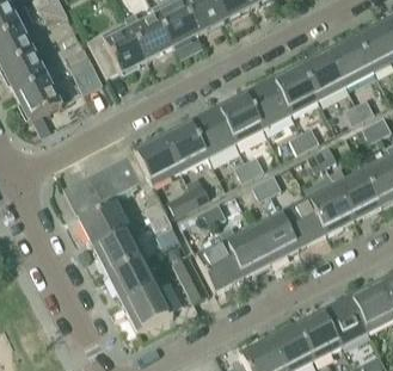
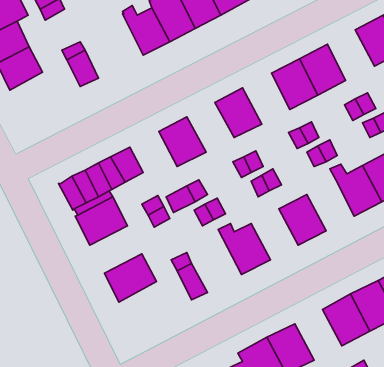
building: [86,20,145,76] -> none
building: [326,36,373,86] -> none
building: [13,78,60,122] -> none
building: [242,79,289,129] -> none
building: [188,107,234,156] -> none
building: [131,136,178,186] -> none
building: [306,184,352,234] -> none
building: [251,212,297,262] -> none
building: [92,229,143,276] -> none
building: [196,233,241,291] -> none
building: [121,284,172,332] -> none
building: [294,311,340,361] -> none

